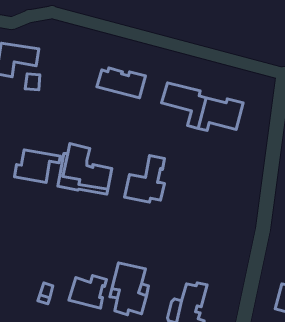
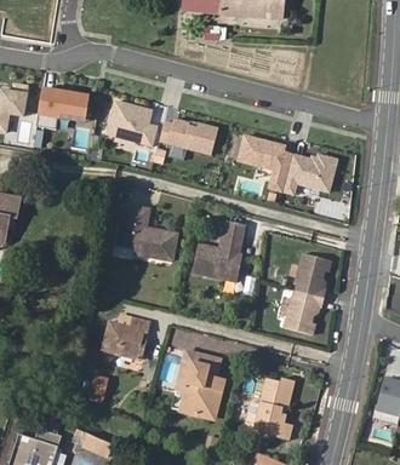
building: none -> [107,101,156,145]
building: [14,150,60,182] -> none
building: none -> [287,256,335,338]
building: [69,275,107,308] -> [102,321,148,361]

